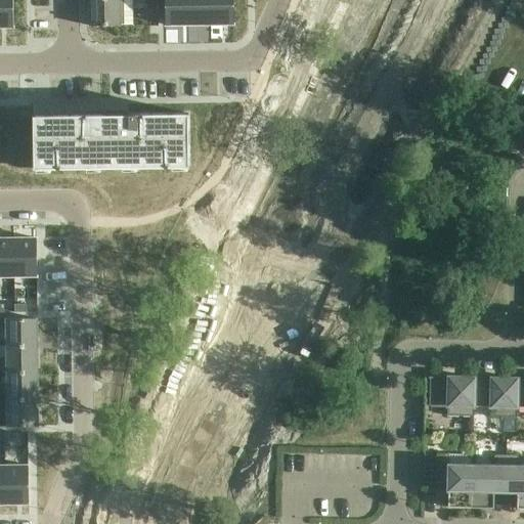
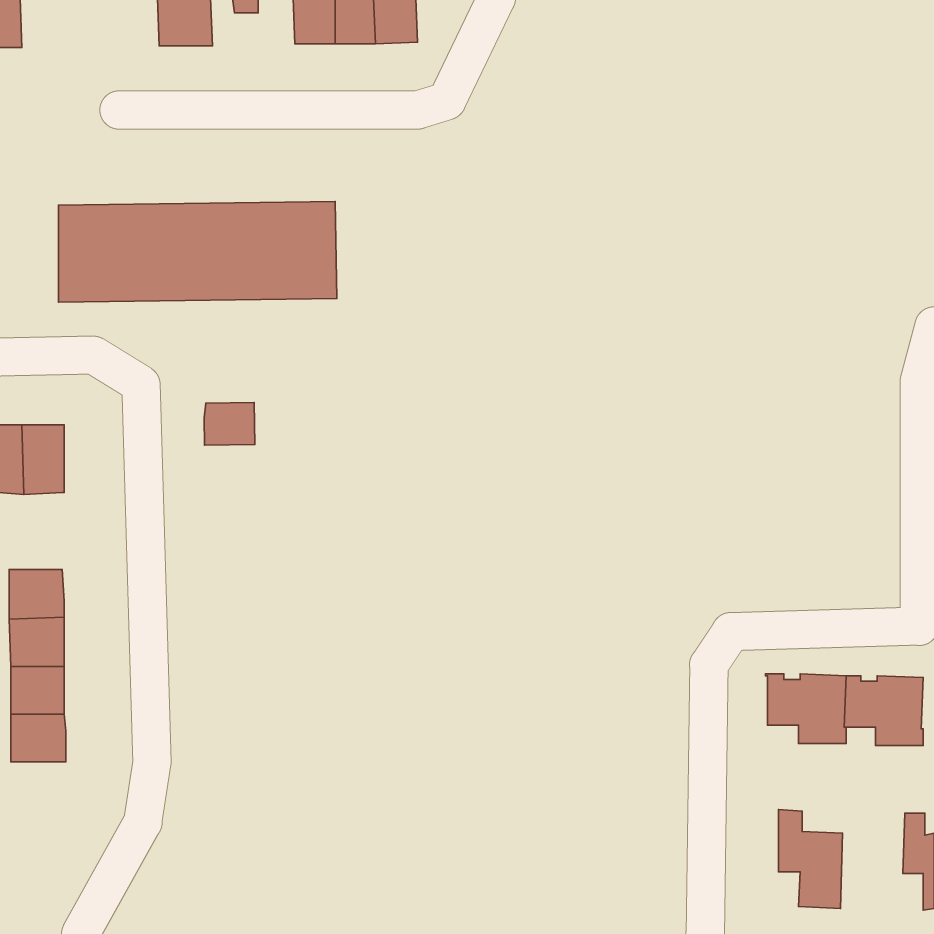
building: none -> [204,403,255,445]
building: [470,454,506,508] -> none
building: [4,465,28,504] -> none

